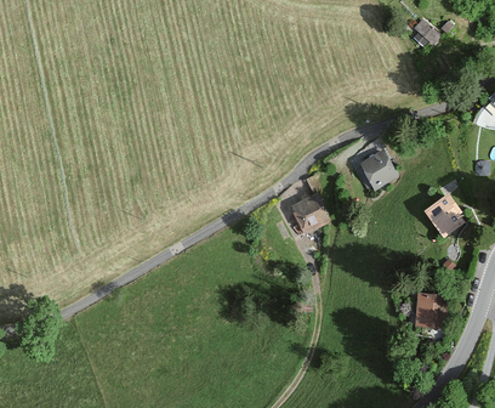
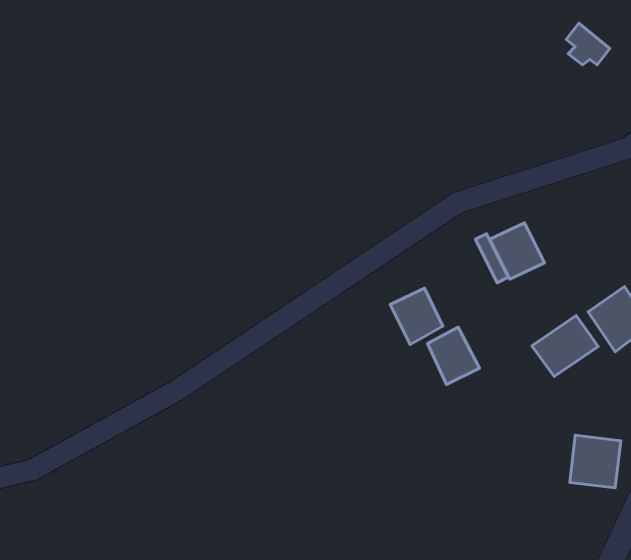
building: none -> [532,316,598,376]
building: none -> [427,327,479,385]

